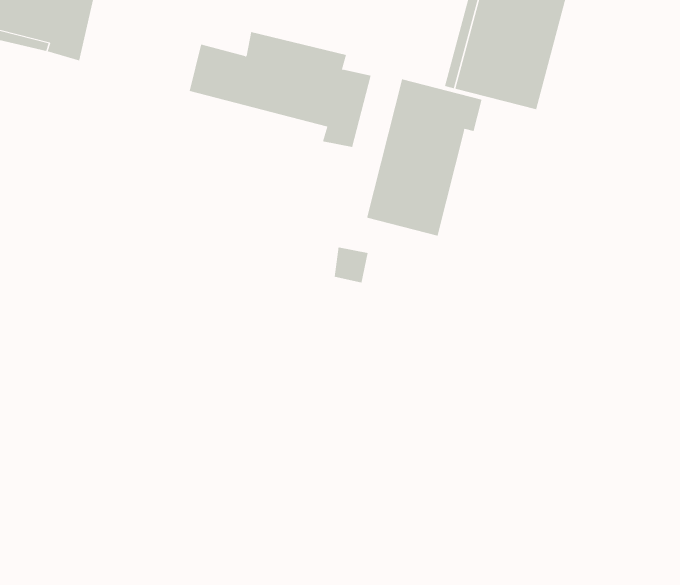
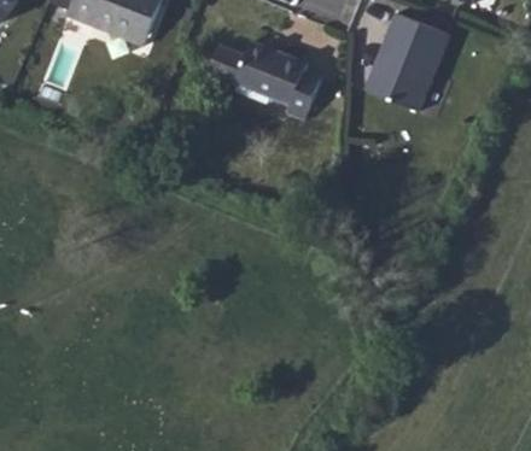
building: [366,78,482,237] -> none

